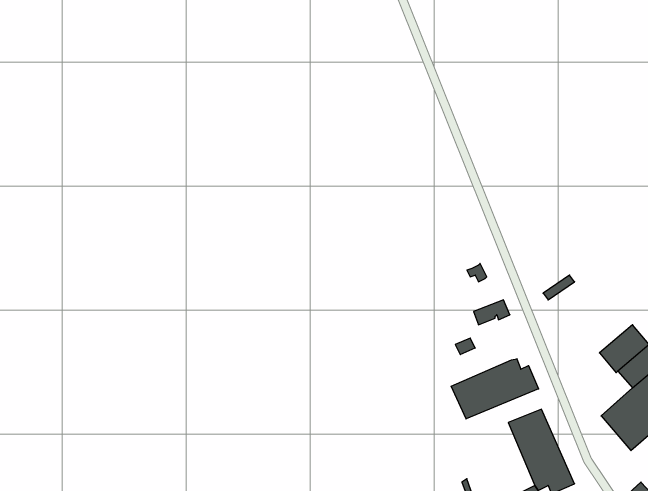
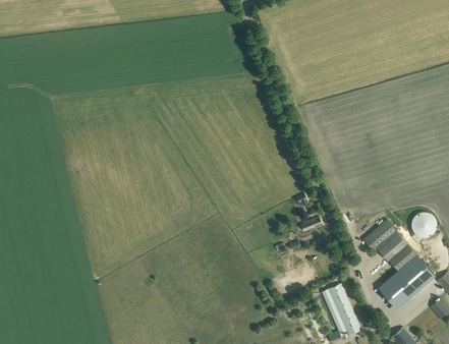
building: none -> [362,218,398,251]
building: [451,359,539,419] -> none

